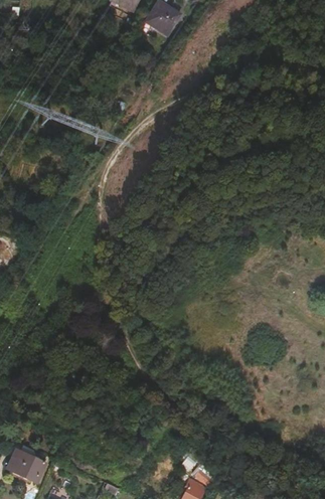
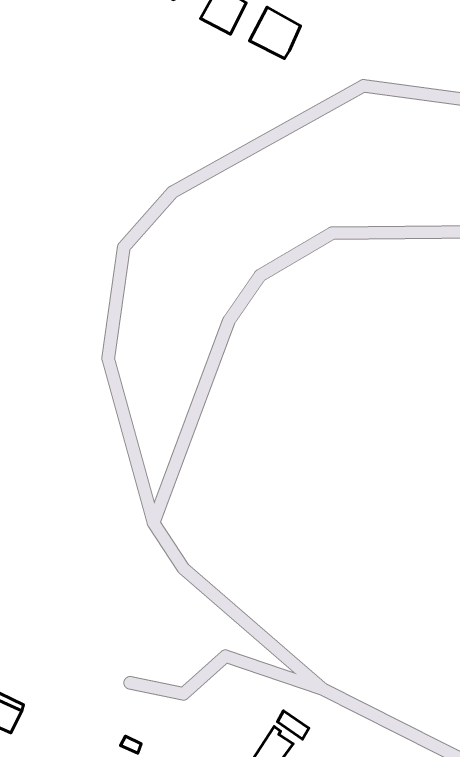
building: none -> [249,7,301,59]

